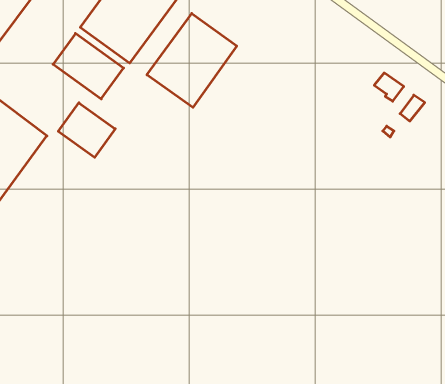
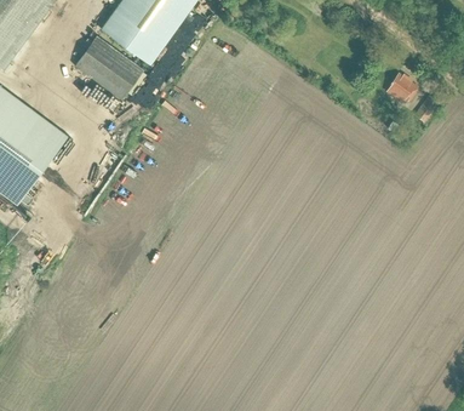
building: [147,13,237,107] -> none
building: [58,103,115,157] -> none

